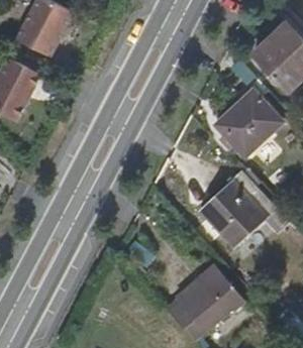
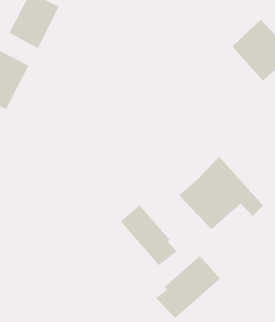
building: [216,94,279,155] -> none
building: none -> [120,204,178,266]

